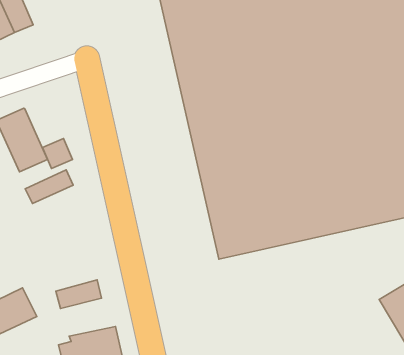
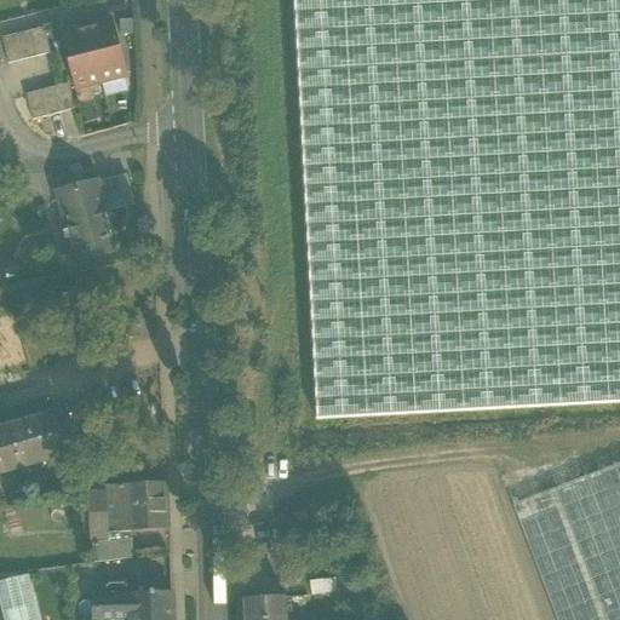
building: [42,138,73,169] -> [99,173,136,209]
building: [25,170,73,203] -> none
building: [56,280,102,308] -> none

